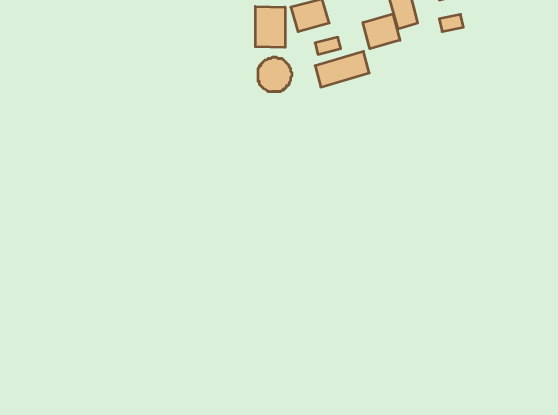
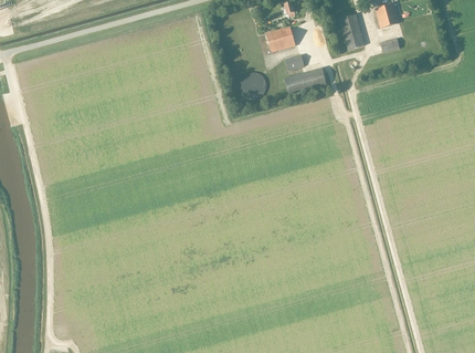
building: [255,6,285,47] -> none
building: [363,14,400,49] -> none

